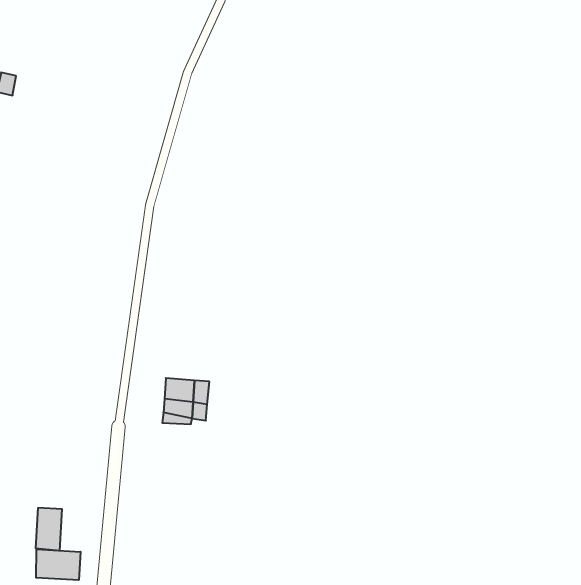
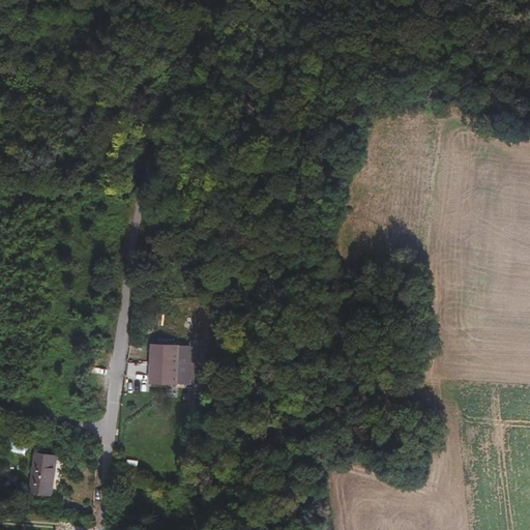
building: [36,549,81,580] -> none

